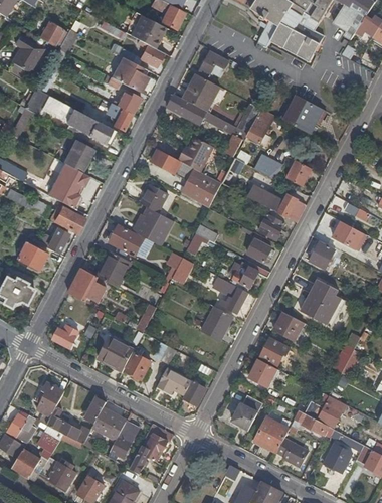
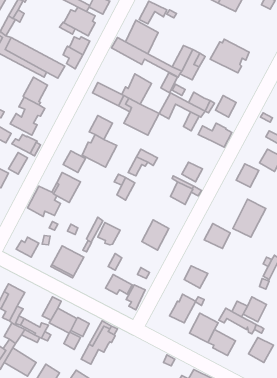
building: [258,209,285,240] -> none
building: [211,277,249,314] -> none
building: [261,338,291,367] -> none
building: [127,353,153,379] -> [98,222,120,245]

